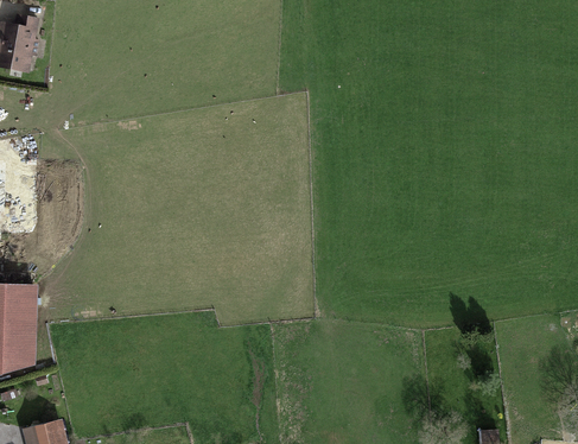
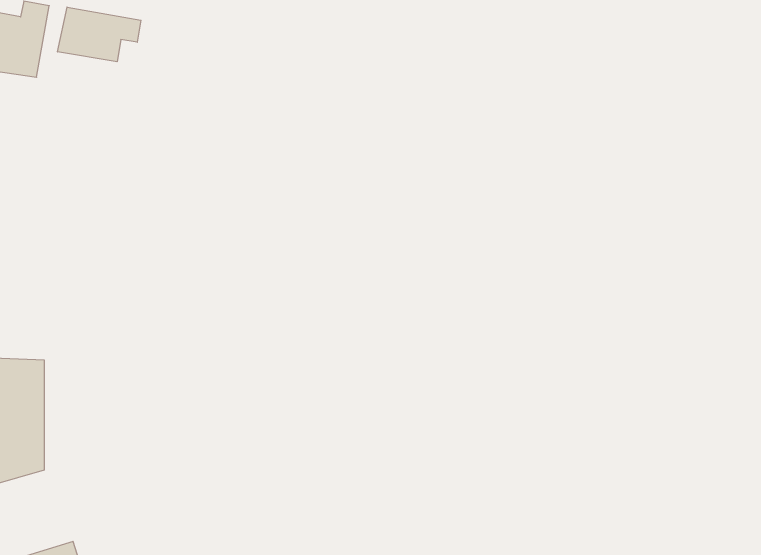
building: none -> [58,7,141,62]

